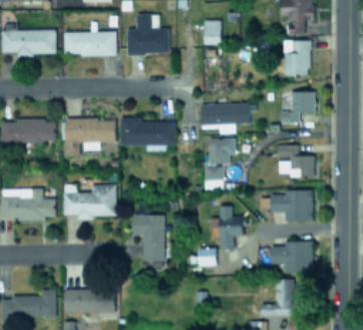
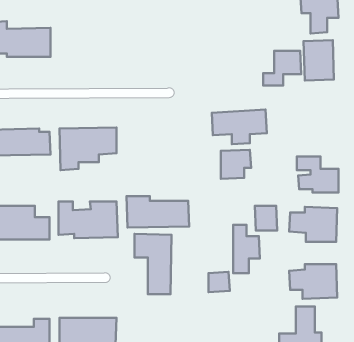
building: [126,14,168,55] -> none
building: [196,20,221,44] -> none
building: [64,31,116,56] -> none
building: [281,91,315,122] -> [263,51,301,85]
building: [119,117,175,145] -> [126,196,189,228]
building: [204,167,224,189] -> [255,206,277,231]

